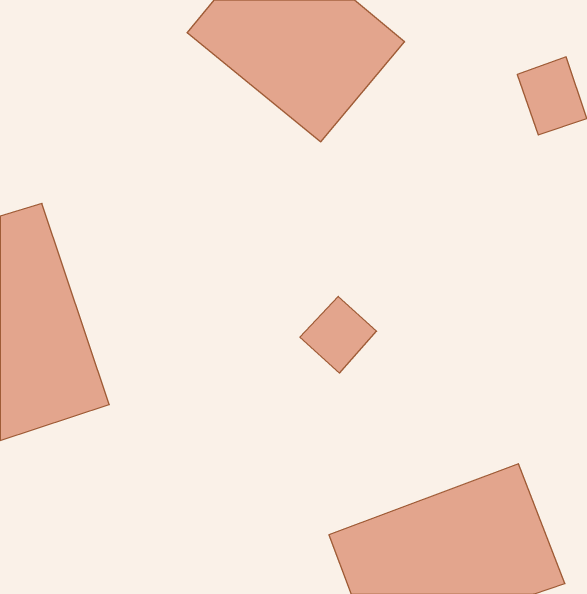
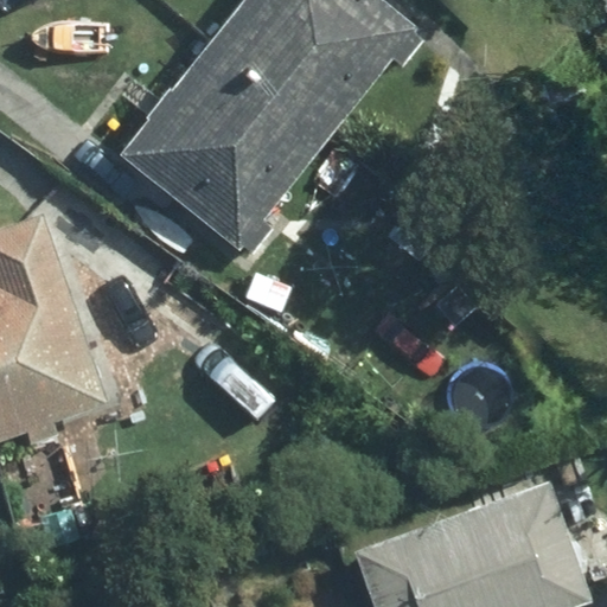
building: none -> [102,33,334,260]

